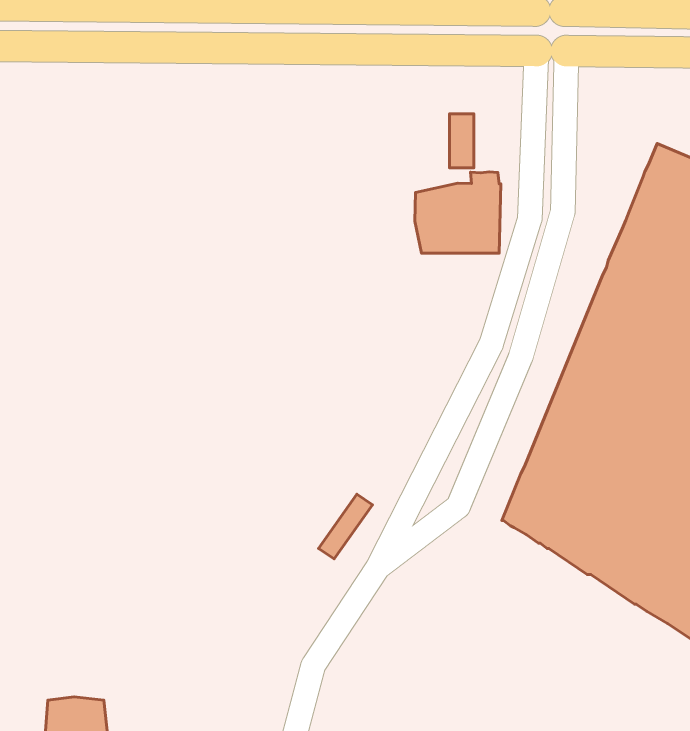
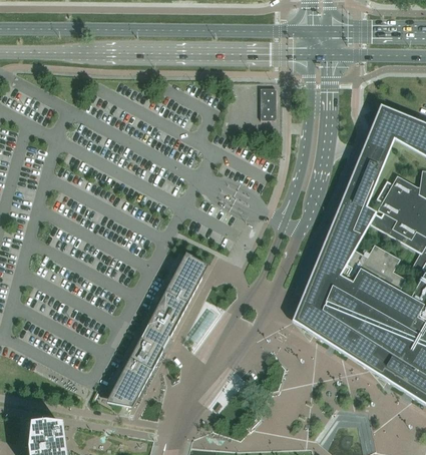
building: [415,172,501,253] -> none
building: none -> [106,253,208,407]

